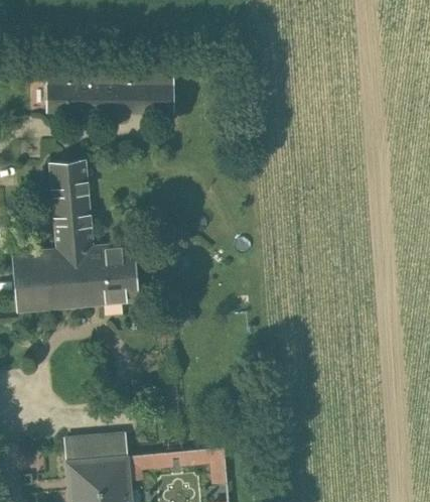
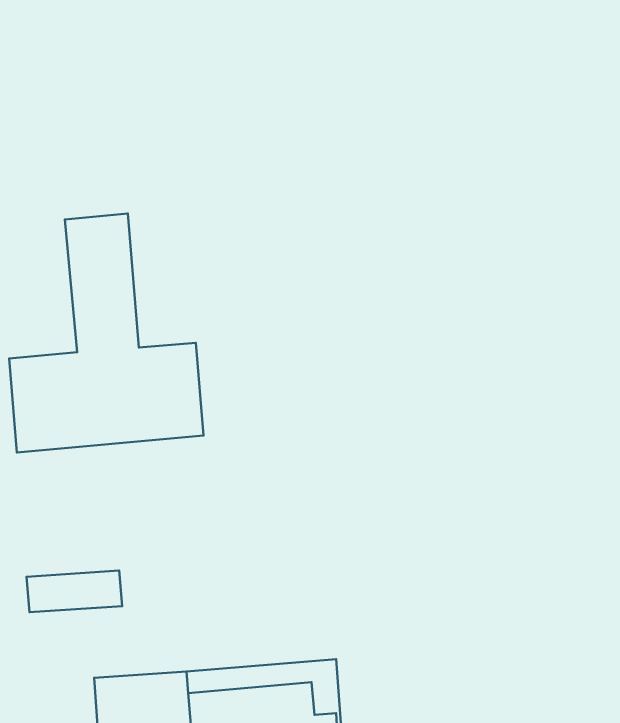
building: [44,60,173,112] -> none
building: [64,433,127,461] -> [27,571,122,612]

